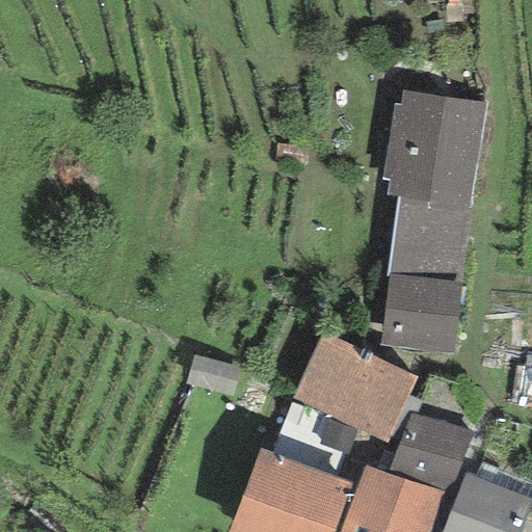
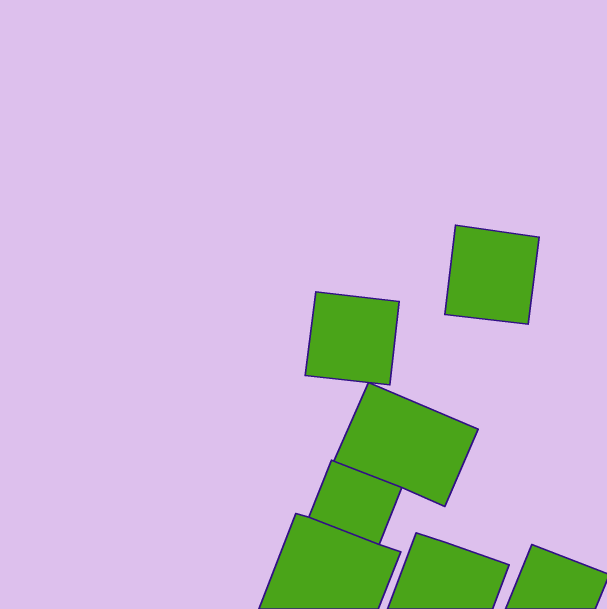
building: [383,90,487,207] -> none
building: [380,274,462,355] -> [305,292,399,385]
building: [390,414,473,495] -> none

